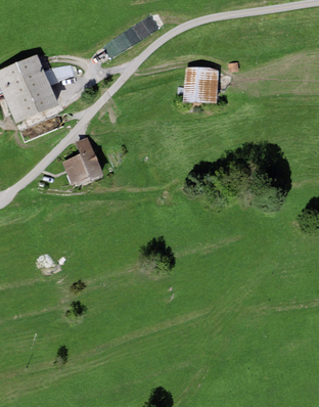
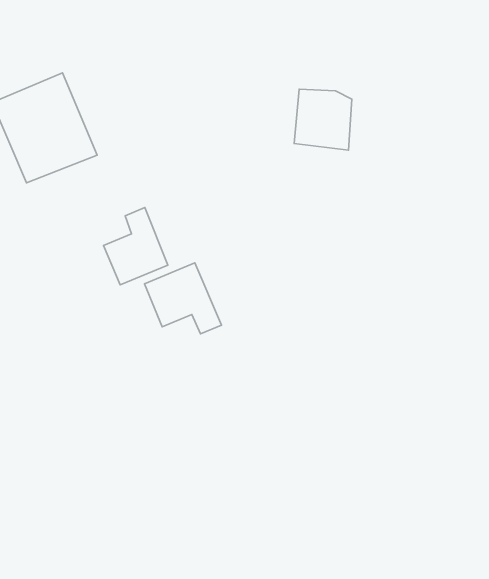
building: none -> [144,263,222,334]

